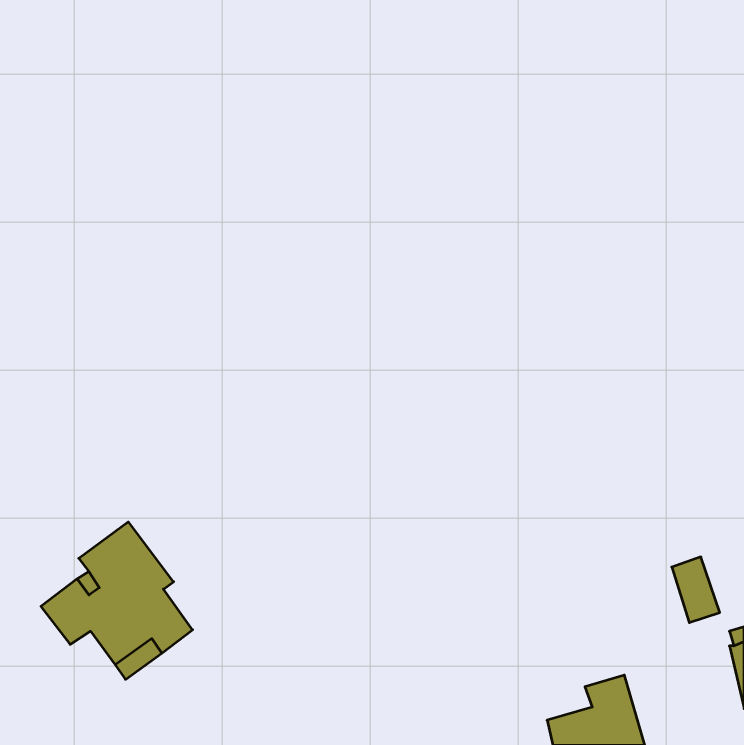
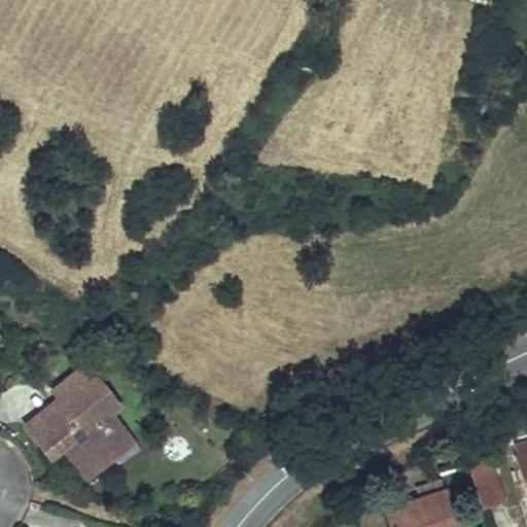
building: [672,557,720,623] -> [469,460,503,506]

